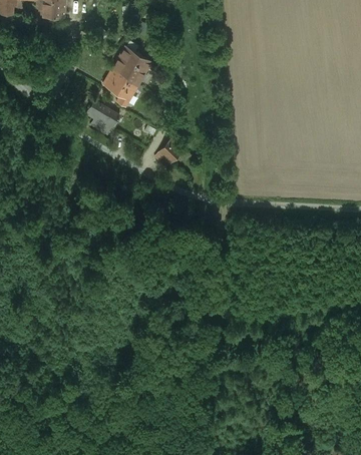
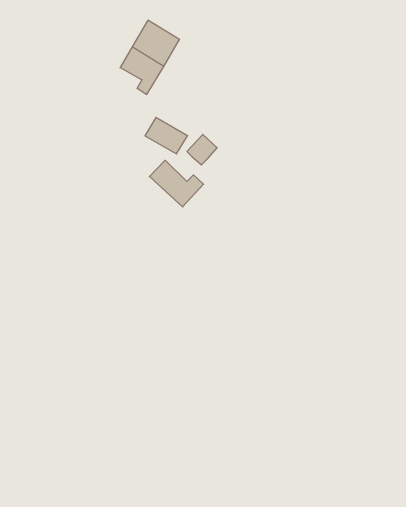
building: [84,101,119,131] -> [145,117,188,154]
building: none -> [149,160,204,207]

